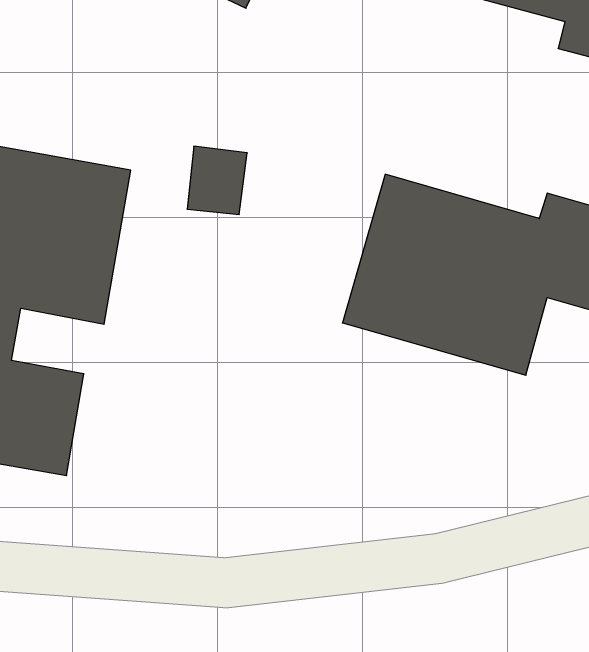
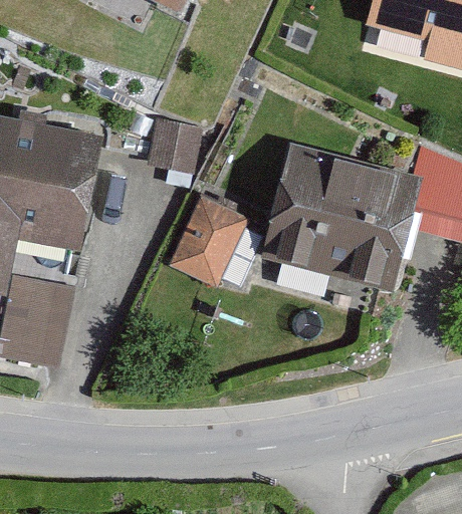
building: none -> [167,198,243,285]

